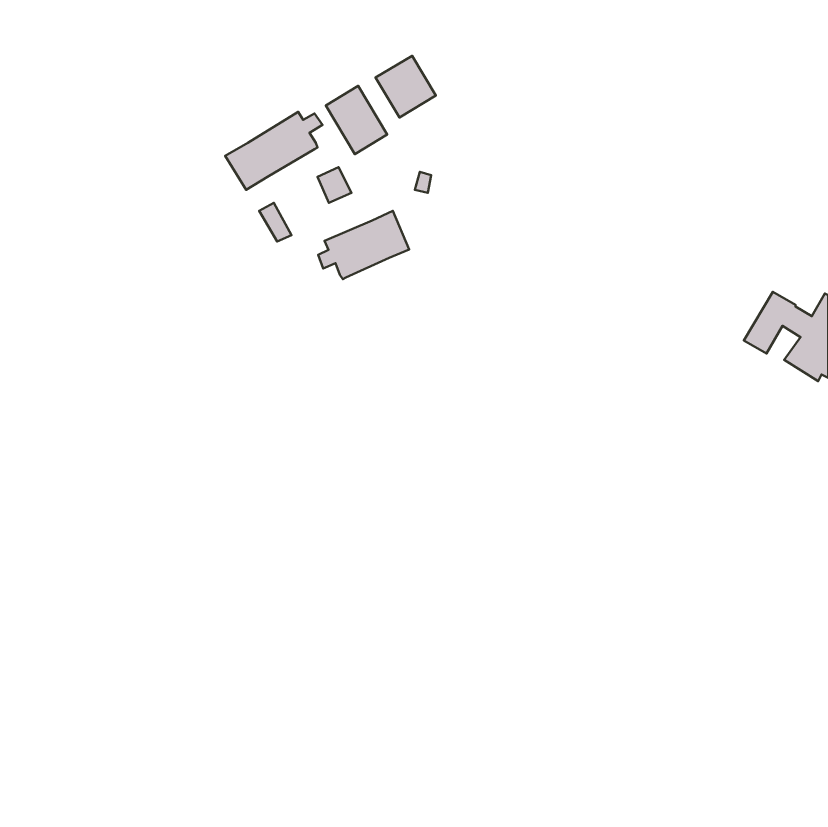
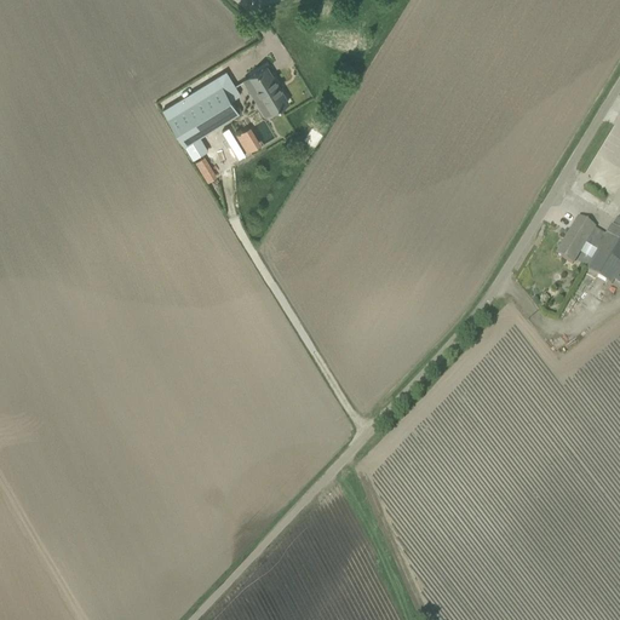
building: [376,56,436,118] -> none
building: [318,211,409,279] -> none

